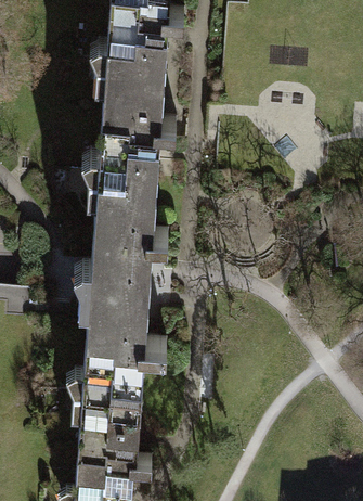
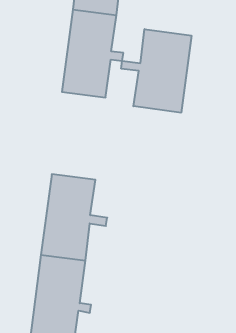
building: none -> [121,29,191,113]
building: [90,169,168,284] -> none

